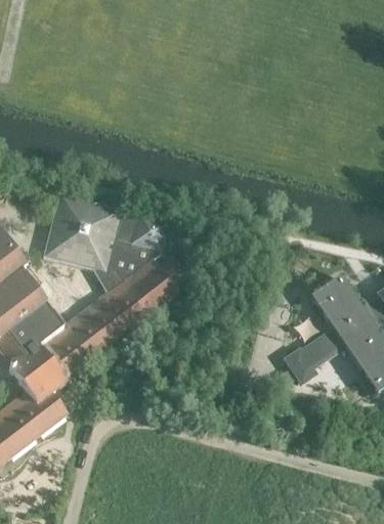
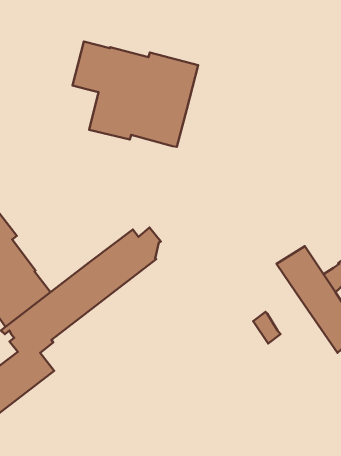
building: none -> [73,42,198,147]
building: [45,191,171,292] -> none
building: [302,326,347,367] -> none

